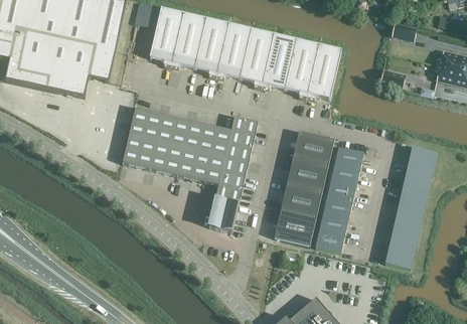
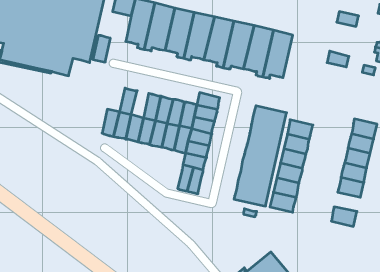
building: [129,107,149,137] -> [93,36,110,62]
building: [156,113,176,144] -> none
building: [388,228,419,251] -> none

